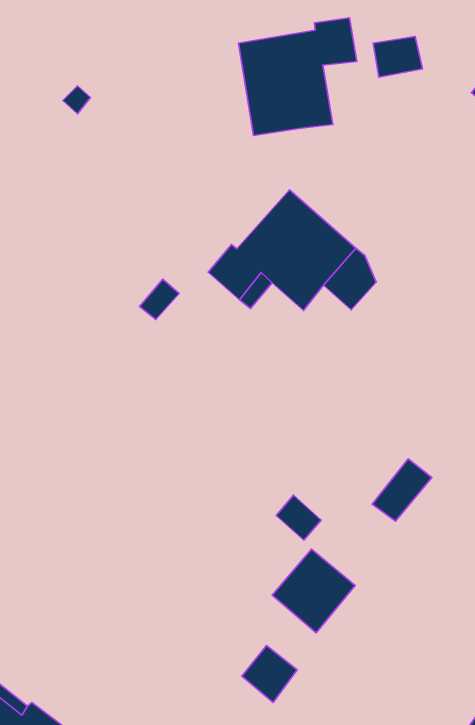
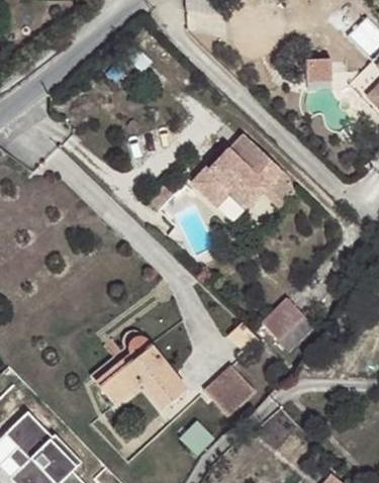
building: [238,18,357,136] -> none
building: none -> [260,296,302,339]
building: none -> [89,332,182,409]

